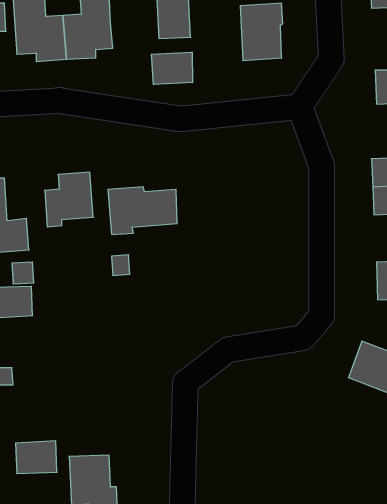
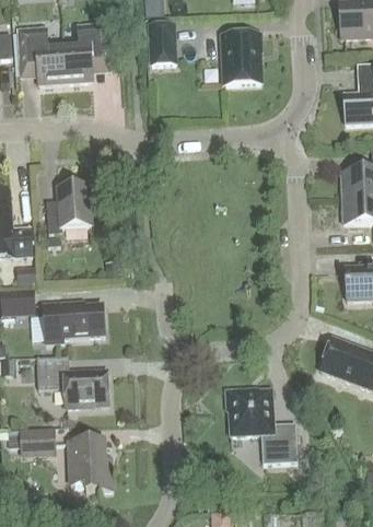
building: [151,52,193,85] -> none
building: [108,187,177,234] -> [42,302,104,344]
building: none -> [36,356,108,408]
building: none -> [225,388,298,464]

